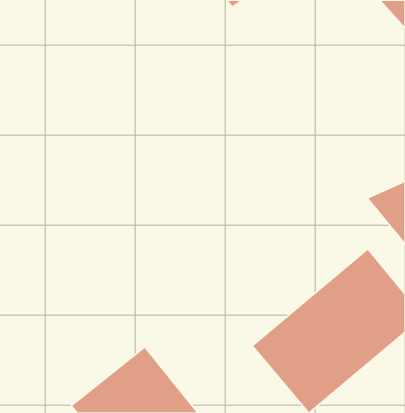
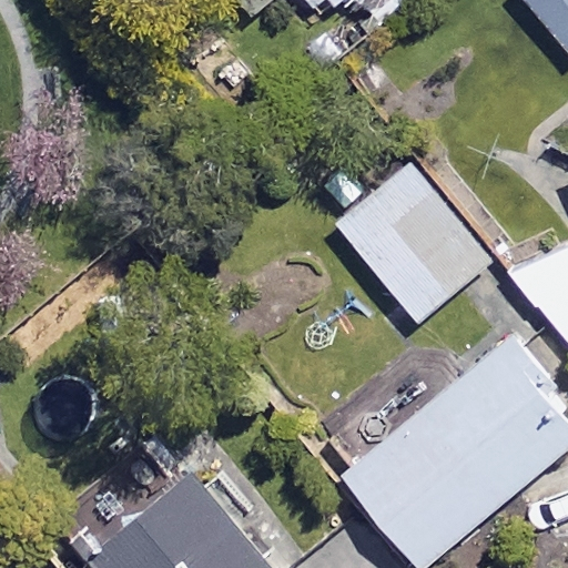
building: none -> [336,164,487,321]

